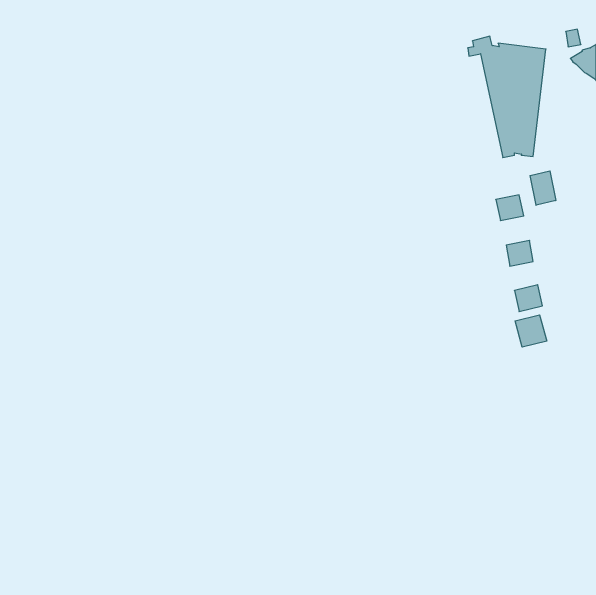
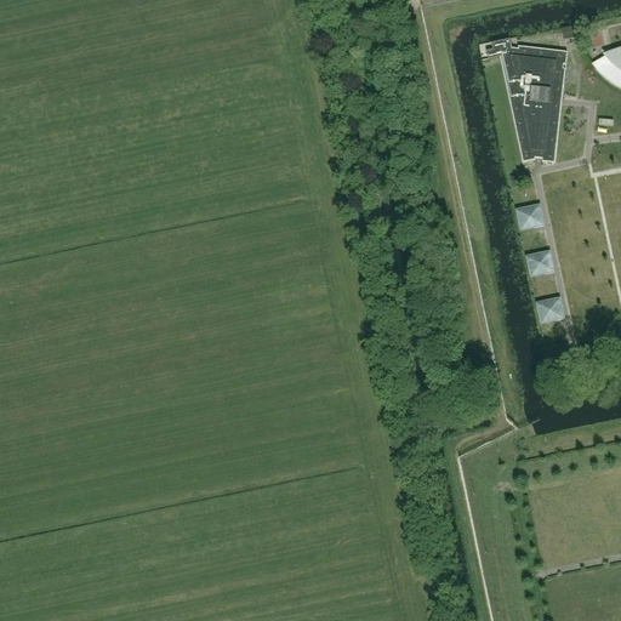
building: [530,171,556,205] -> none
building: [515,315,547,347] -> none

